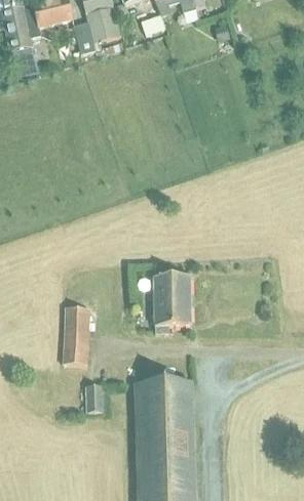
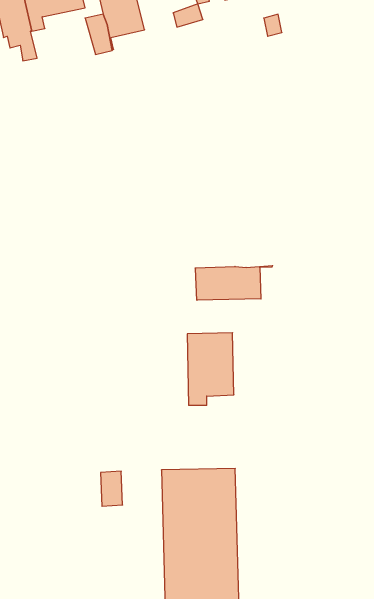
building: none -> [195,266,273,300]
building: [62,306,88,364] -> none

